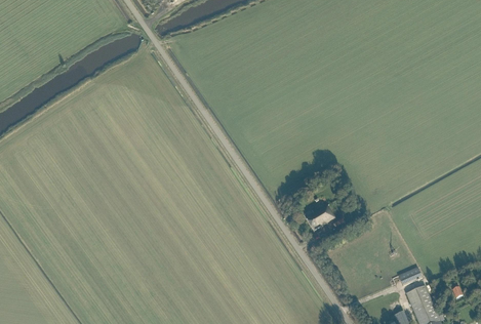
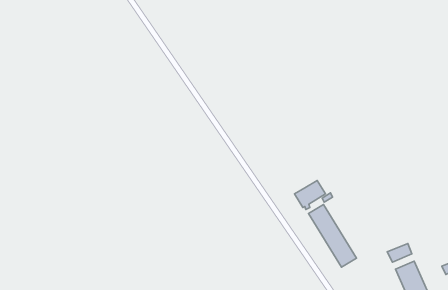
building: none -> [309,204,357,267]

